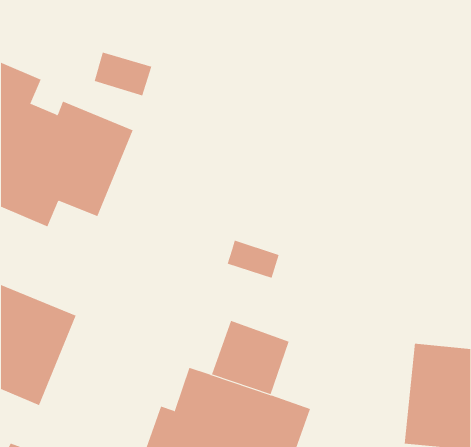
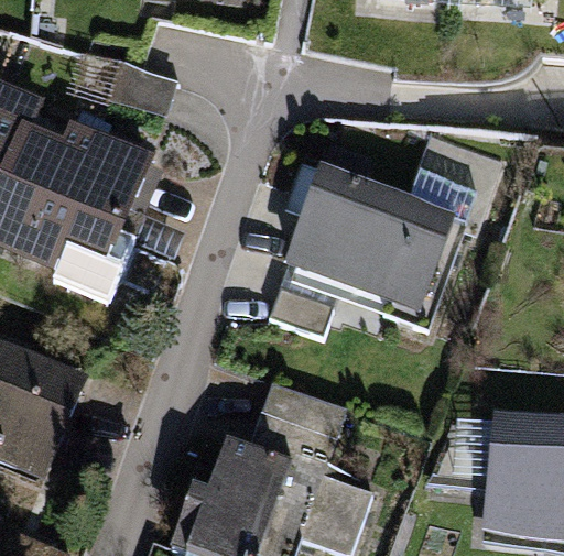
building: none -> [283,133,507,316]

